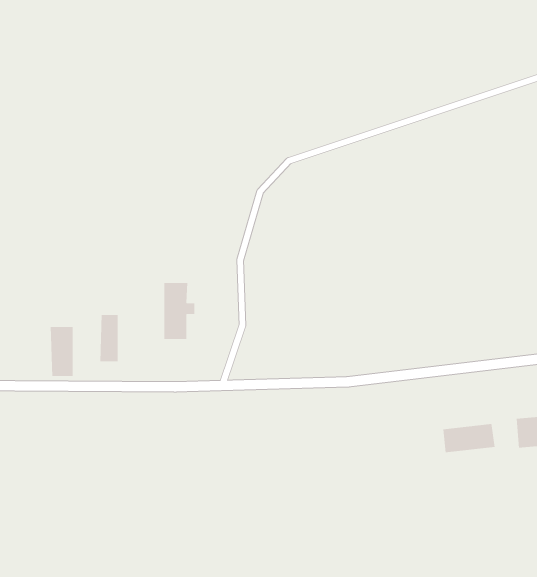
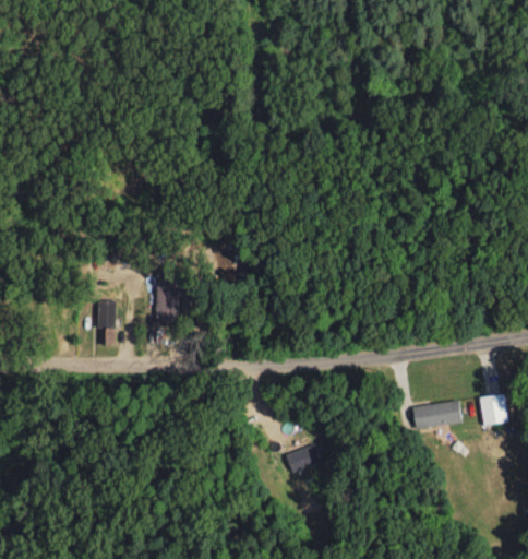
building: [50,326,73,377] -> none
building: none -> [288,443,325,473]

